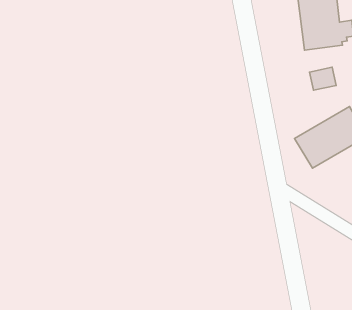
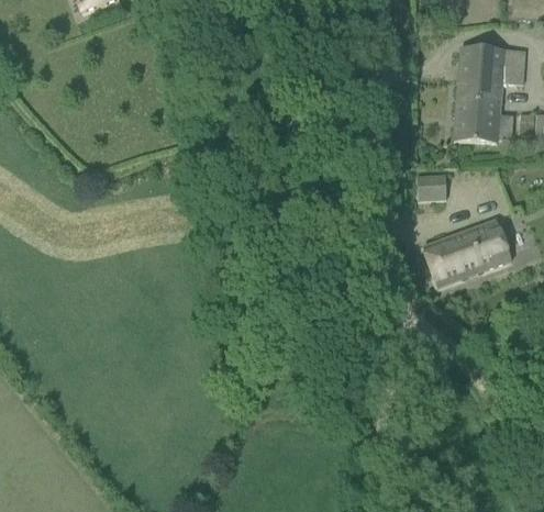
building: [309,67,336,90] -> [418,174,447,198]

